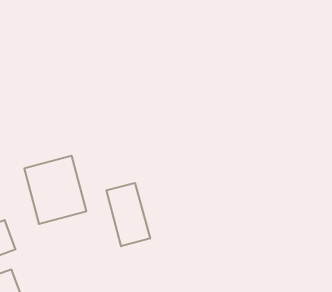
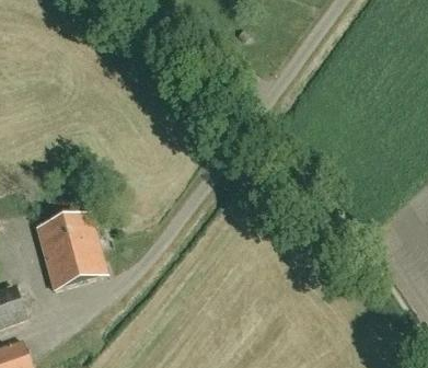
building: [107,183,150,246] -> none

